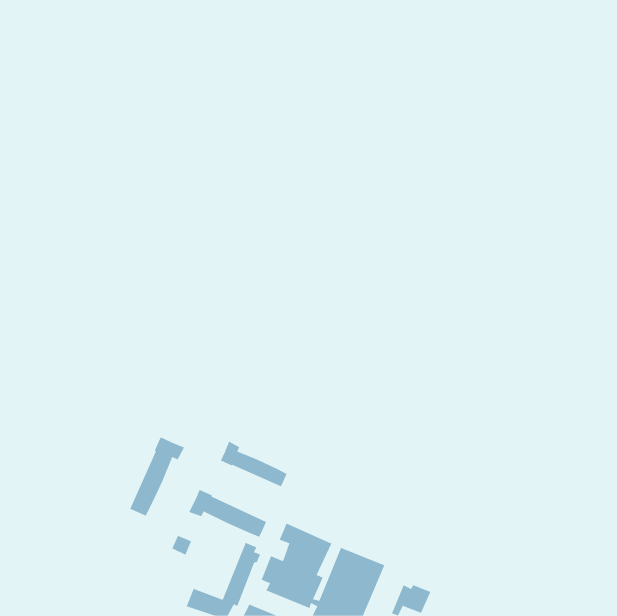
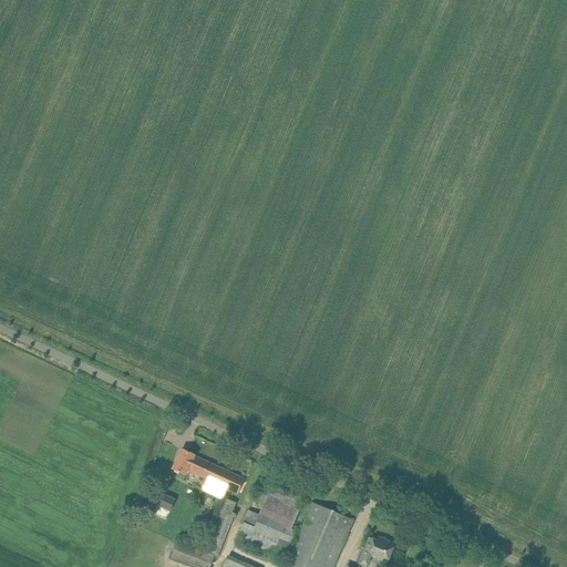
building: [129,436,185,516] -> none
building: [220,441,287,487] -> none

